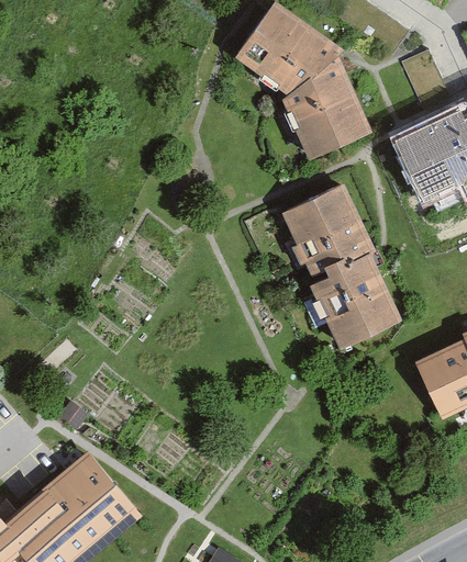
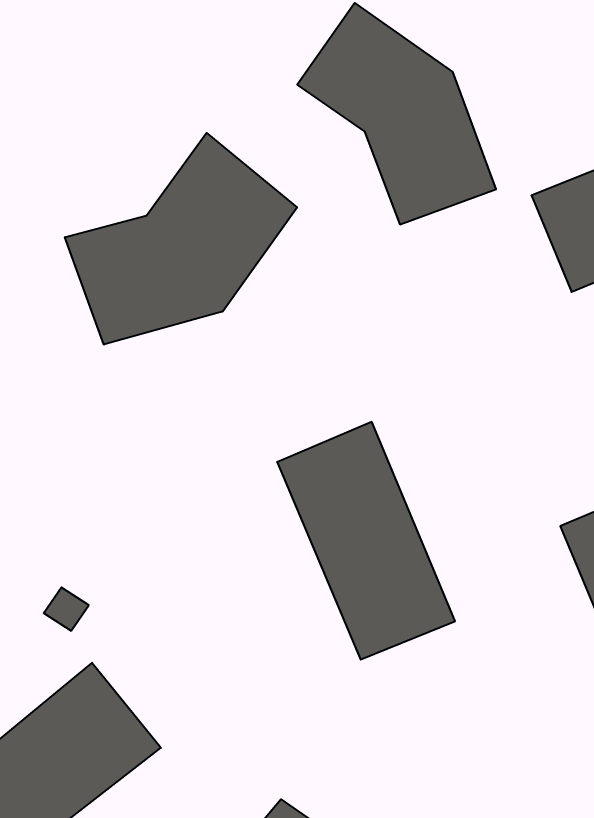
building: none -> [65,133,297,345]
building: [278,186,400,348] -> [277,422,455,660]

